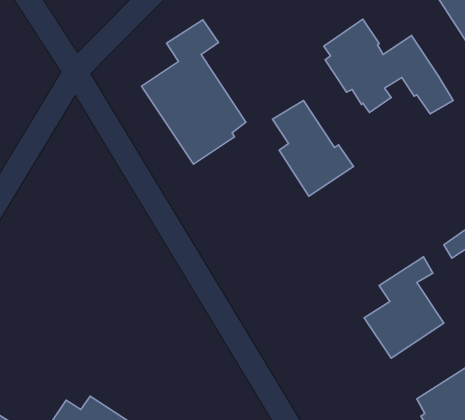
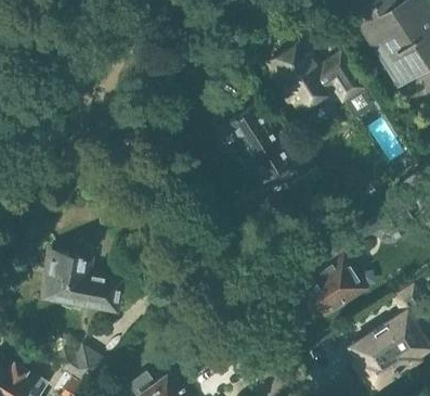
building: [142,20,246,164] -> none
building: none -> [45,250,122,309]

